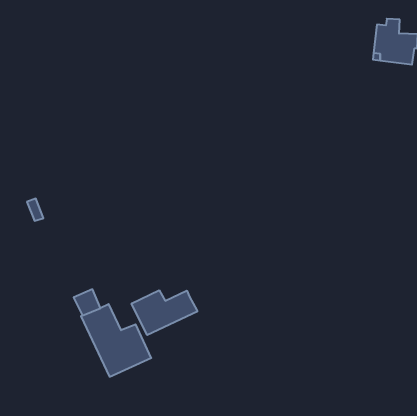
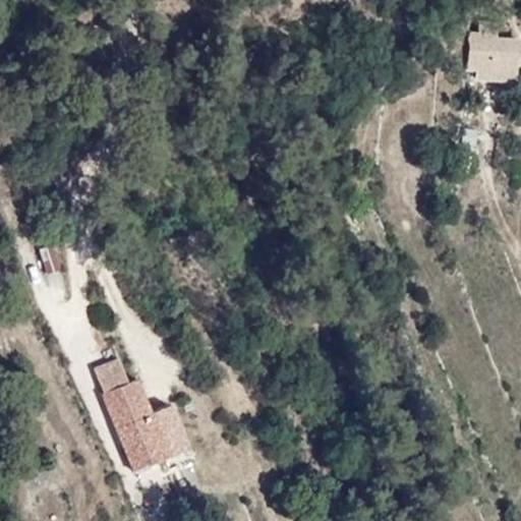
building: [132,290,197,335] -> none

